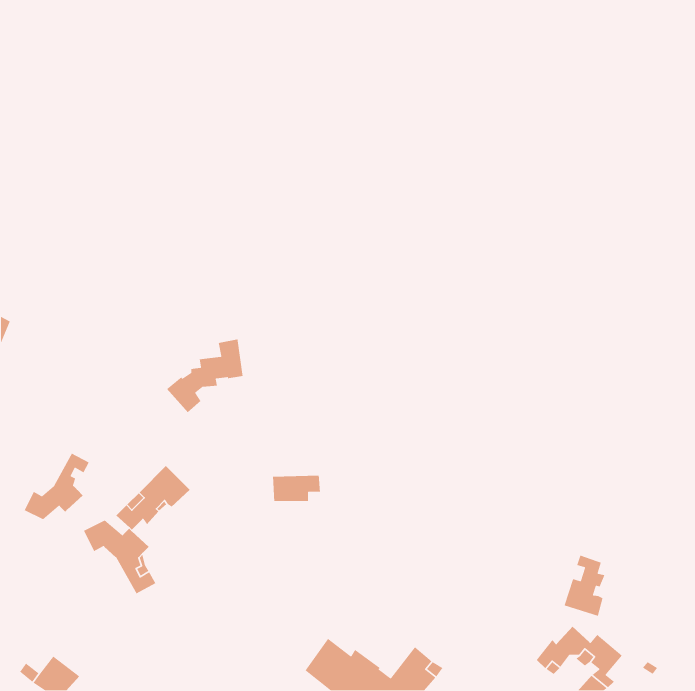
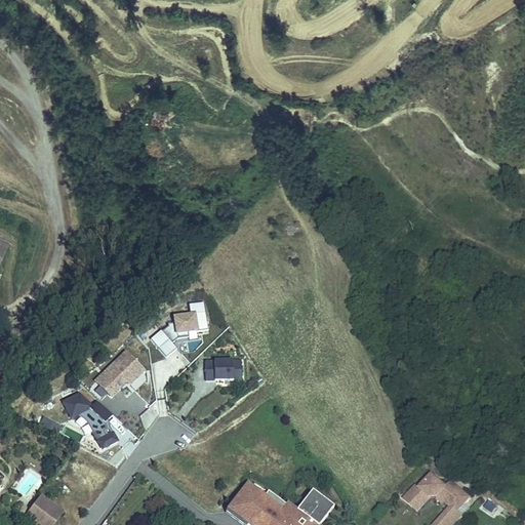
building: [166,338,244,413] -> [150,299,208,356]
building: [23,453,90,520] -> none
building: [564,554,605,617] -> none

